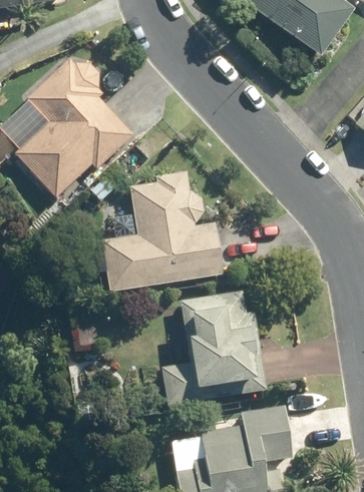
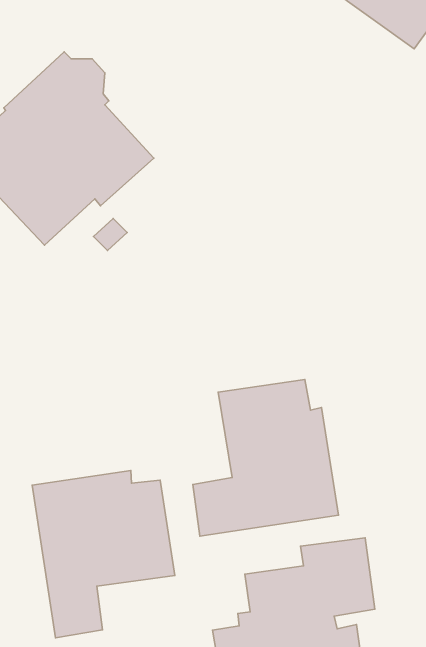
building: [101,171,223,292] -> none
building: none -> [32,471,175,638]

